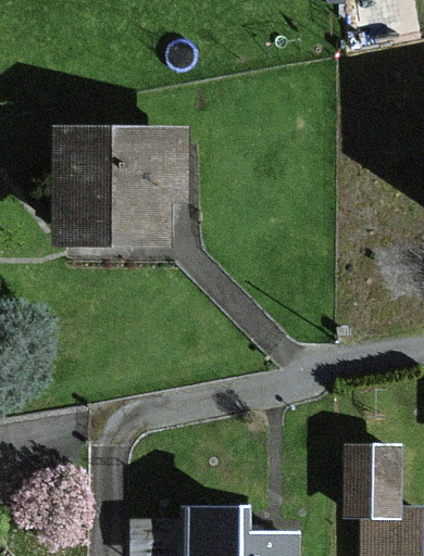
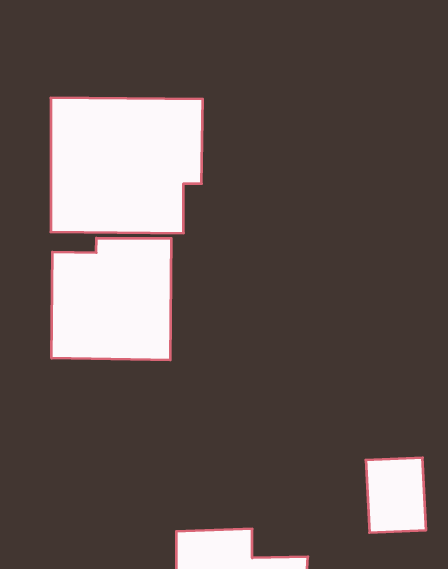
building: none -> [52,238,171,360]

